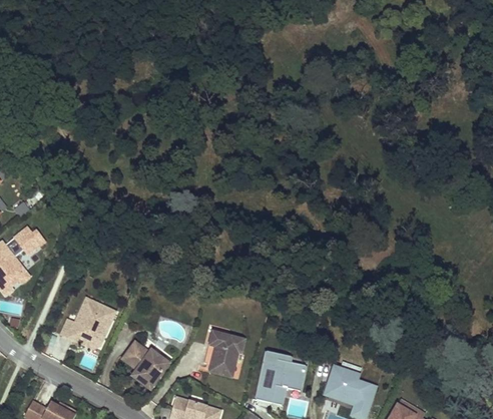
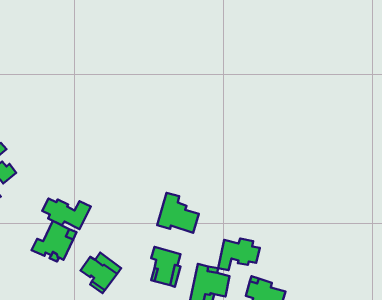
building: none -> [157,193,199,233]
building: none -> [42,199,91,229]
building: none -> [218,239,260,270]

